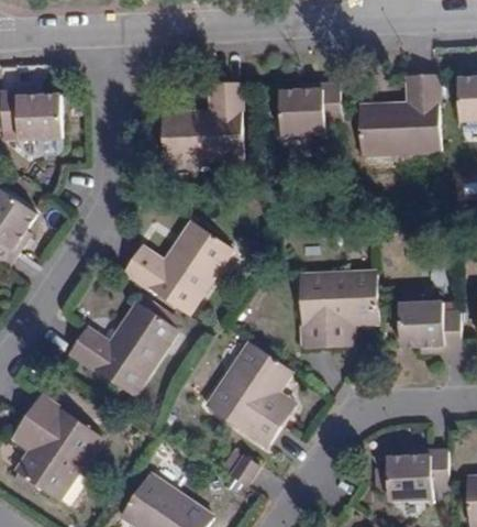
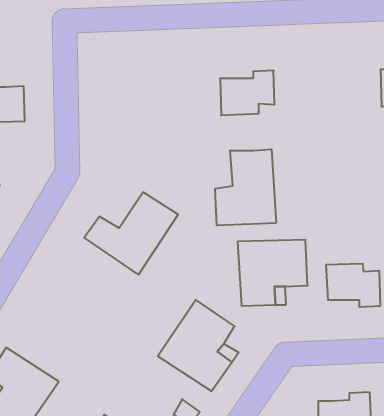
building: [358,75,440,152] -> none
building: [160,78,241,154] -> none
building: none -> [215,149,276,226]
building: [68,303,177,396] -> none

